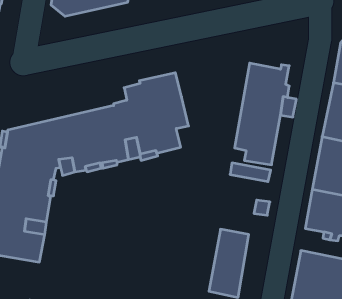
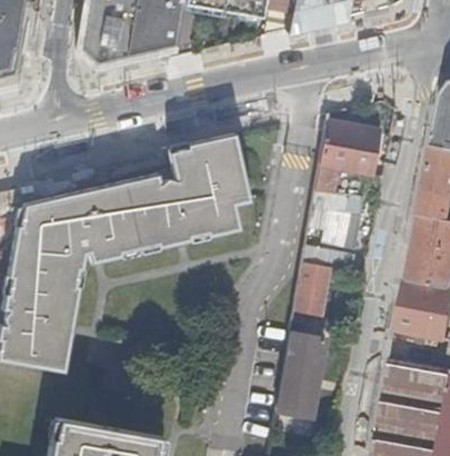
building: none -> [293,265,329,315]

